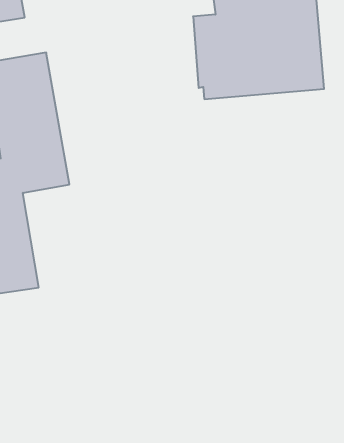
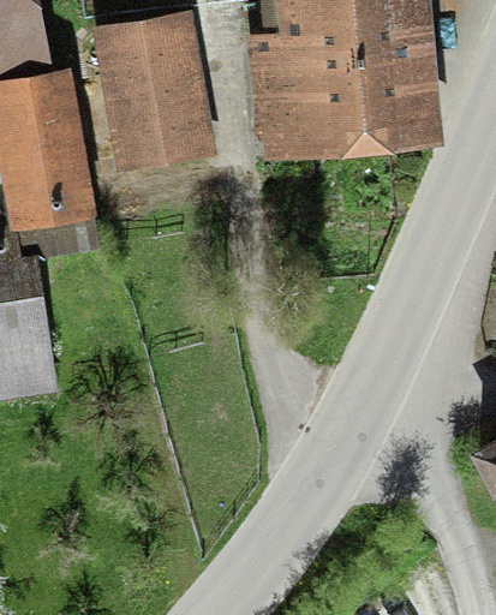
building: none -> [106,19,205,151]

